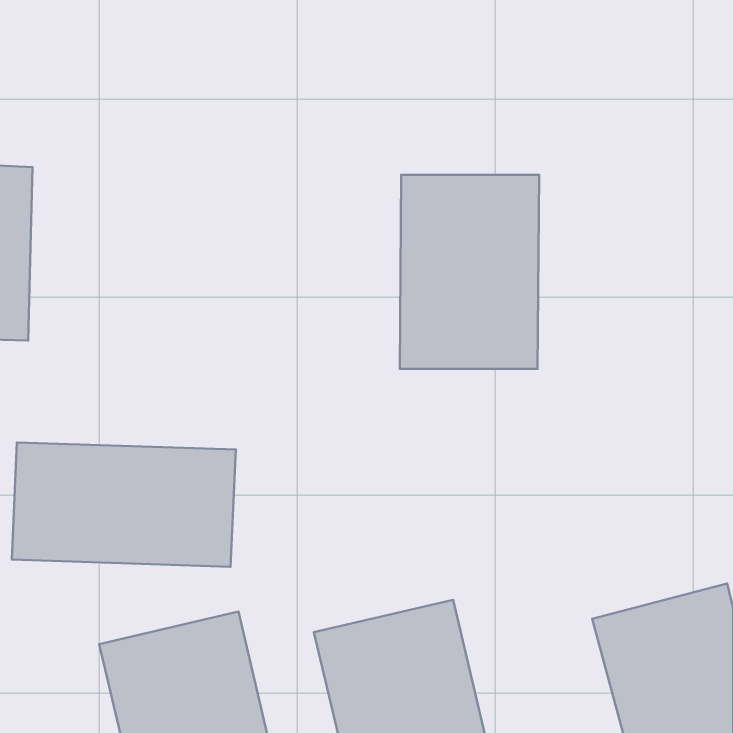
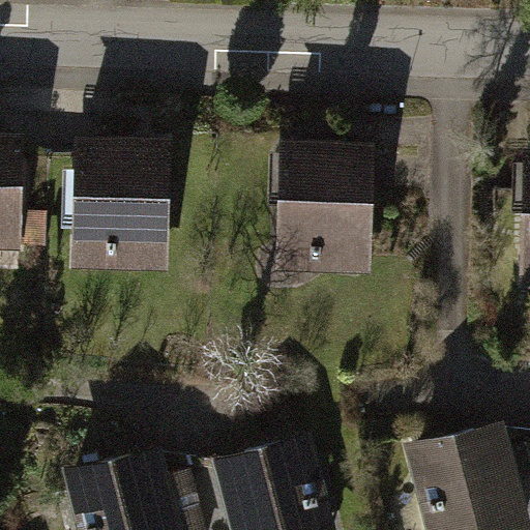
building: none -> [77,135,176,276]
building: [12,442,236,567] -> none

